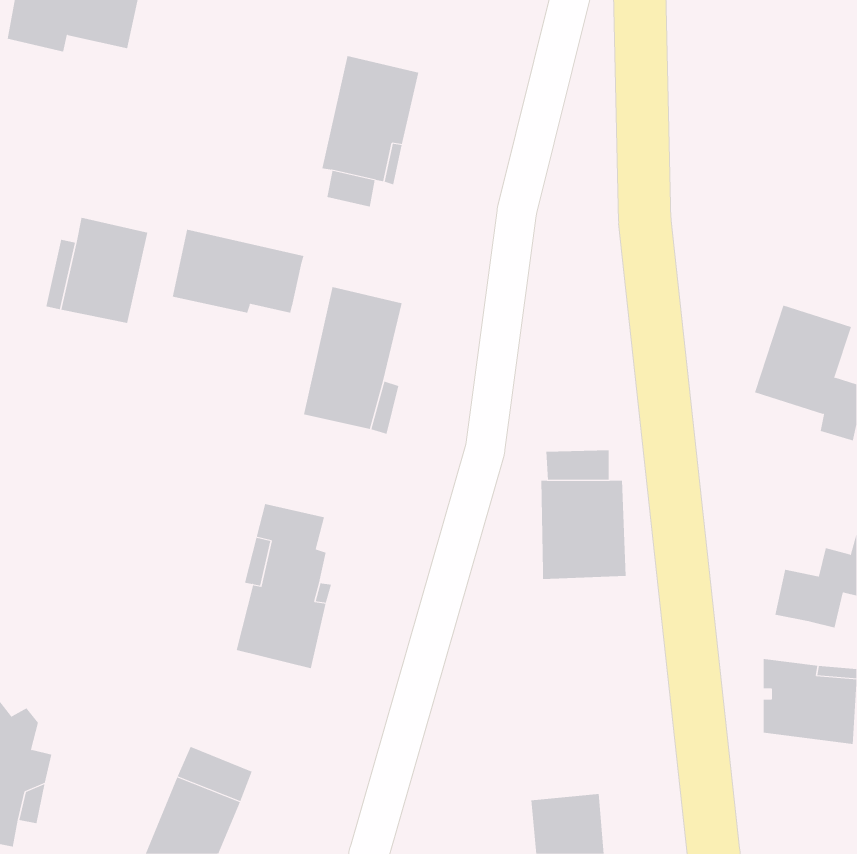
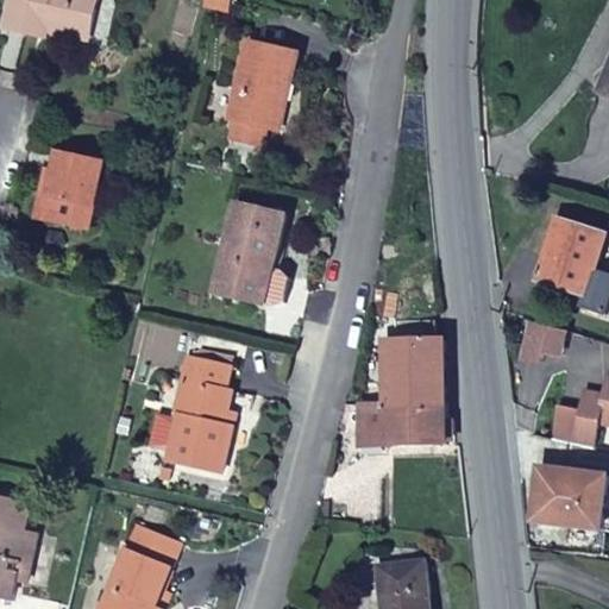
building: [172,229,304,314] -> none
building: none -> [516,319,563,357]
building: none -> [358,403,444,445]

